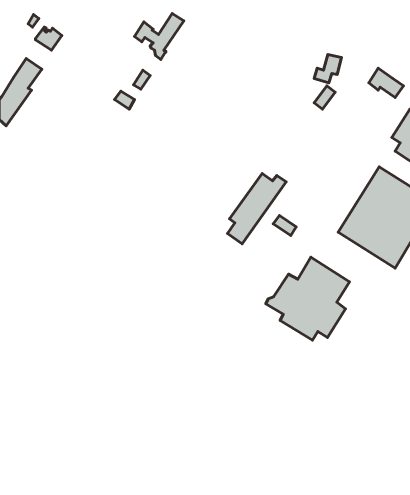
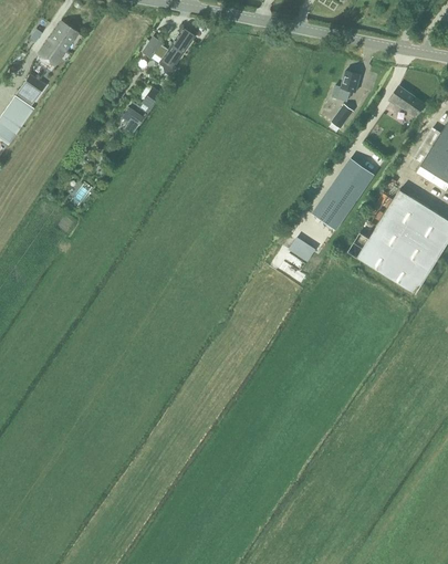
building: none -> [46,22,76,51]
building: [227,173,286,244] -> [314,160,376,234]
building: [266,257,350,340] -> none

